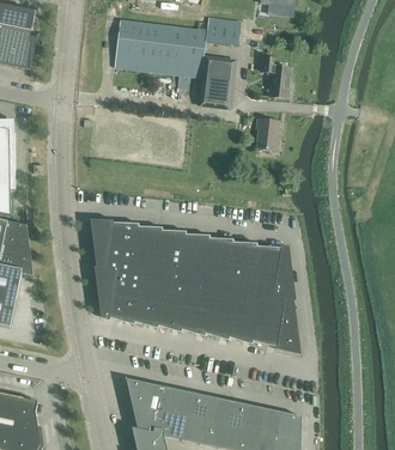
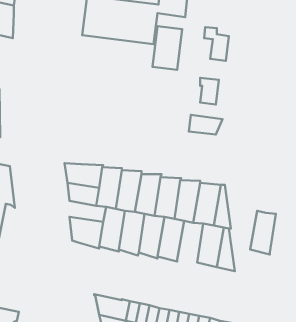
building: none -> [189,115,223,134]
building: [96,266,142,291] -> none
building: [229,290,260,342] -> [250,211,276,254]

